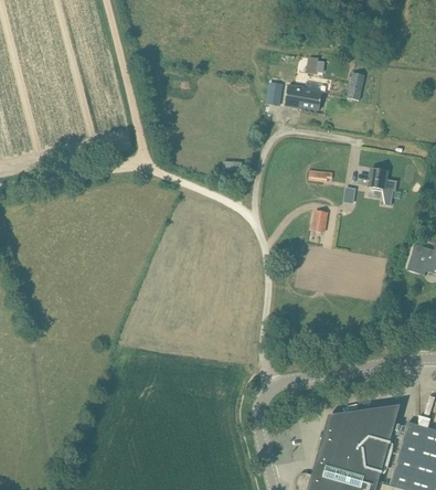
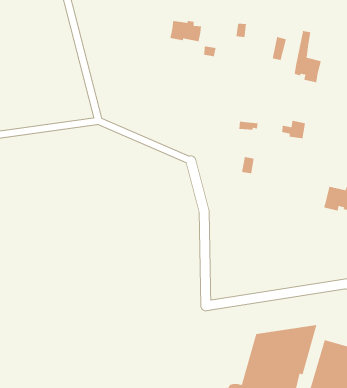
building: none -> [294,30,322,83]
building: [285,84,322,109] -> [170,20,202,42]

